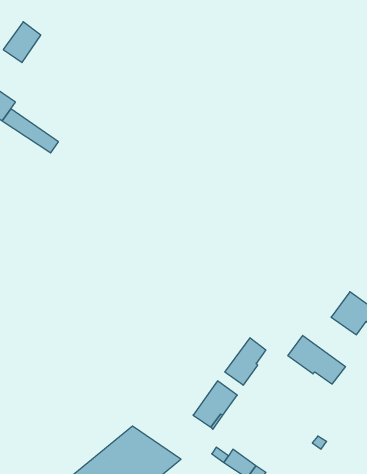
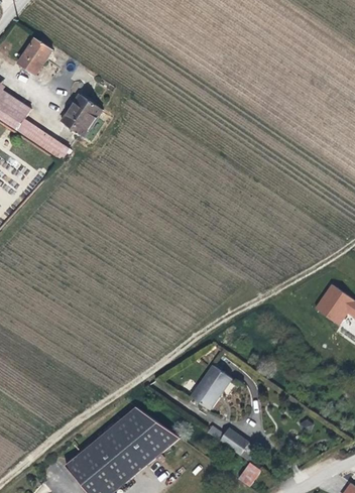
building: none -> [60,93,101,135]
building: [288,335,345,384] -> none
building: [225,338,266,385] -> none

